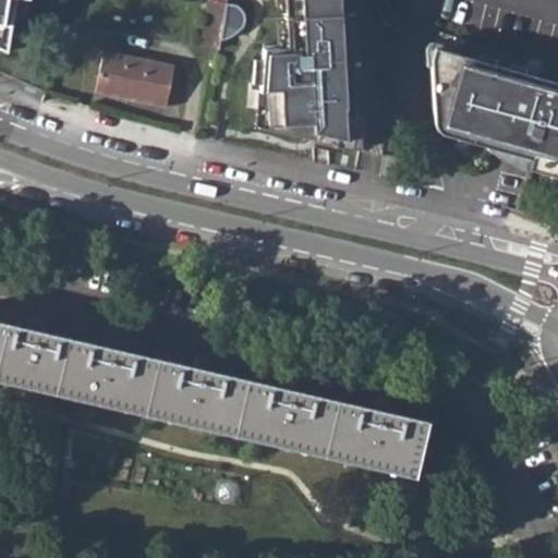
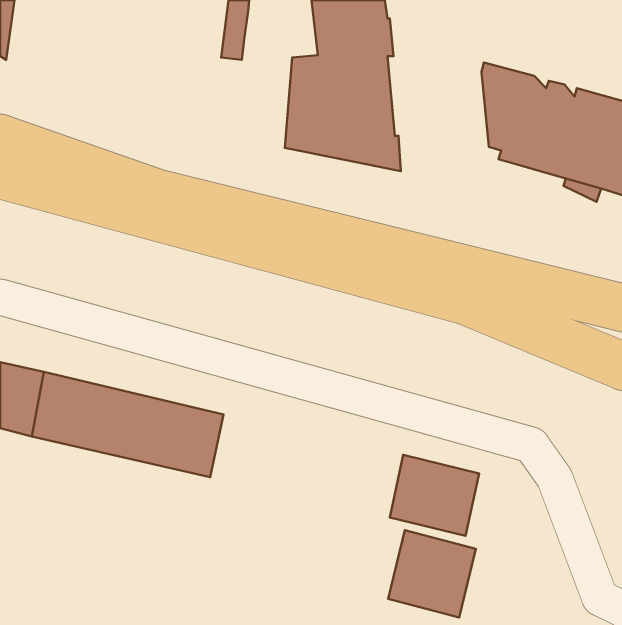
building: [97,53,172,110] -> none
building: [190,369,362,461] -> none
building: none -> [388,530,476,617]

